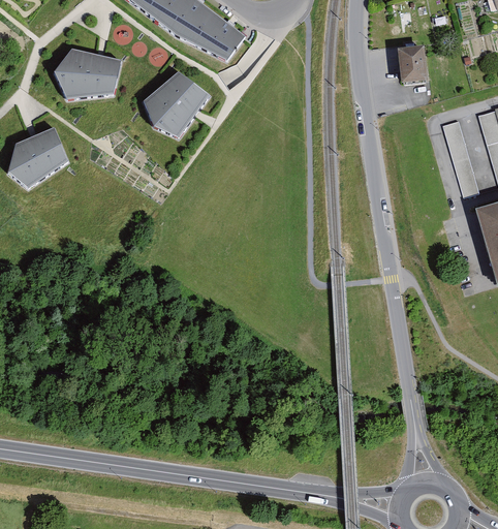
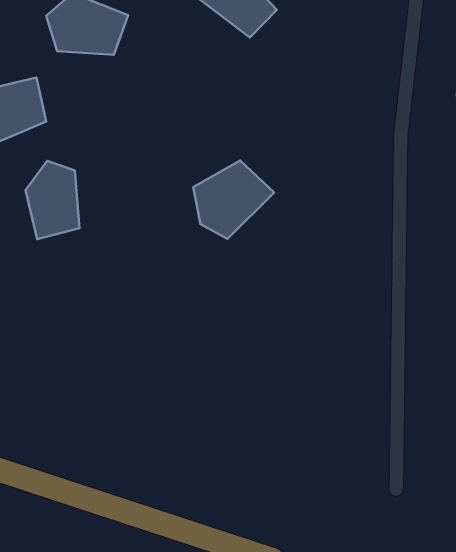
building: [142,71,210,138] -> [193,160,274,239]
building: none -> [26,161,80,239]

